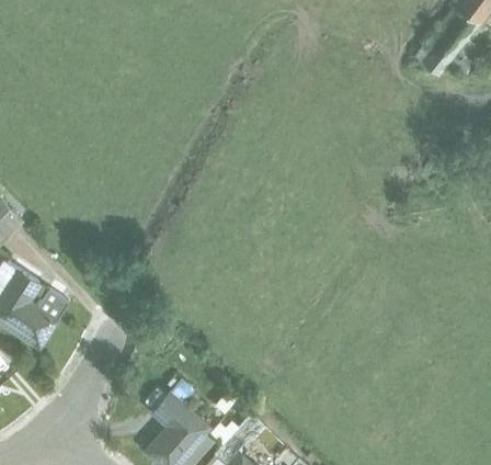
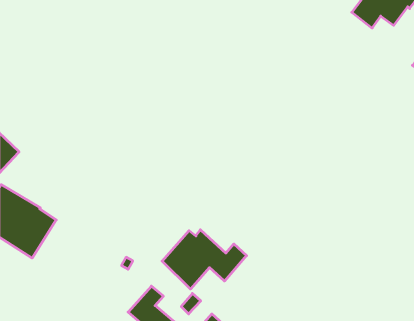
building: none -> [162,230,247,289]

